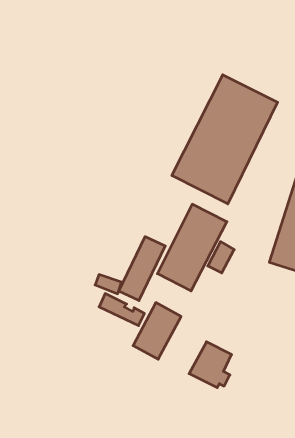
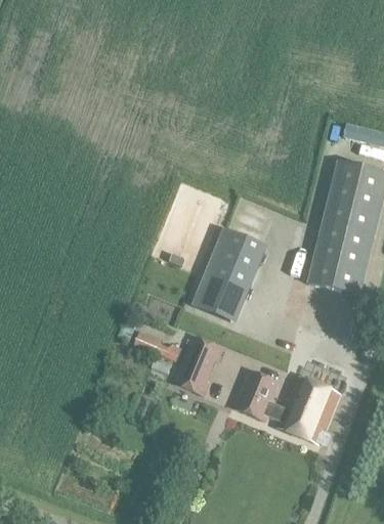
building: [172,75,278,204] -> none
building: [119,237,165,301] -> none
building: none -> [272,376,339,445]

